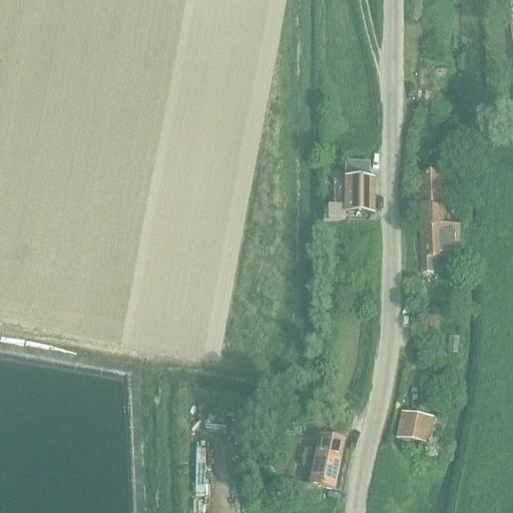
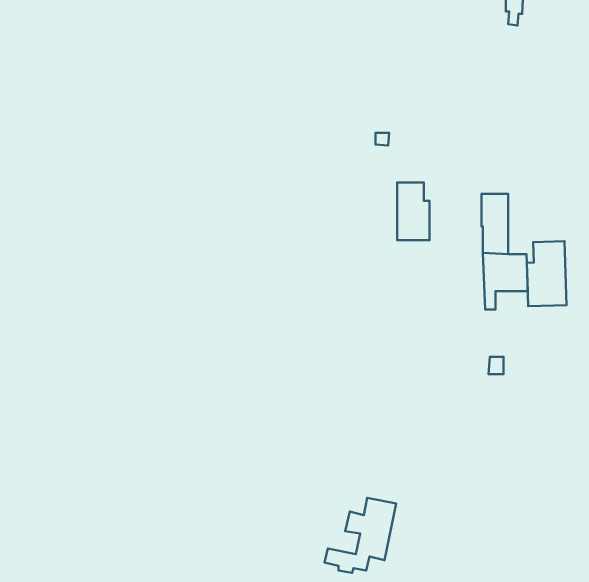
building: none -> [527,241,566,306]
building: [397,408,429,439] -> none

